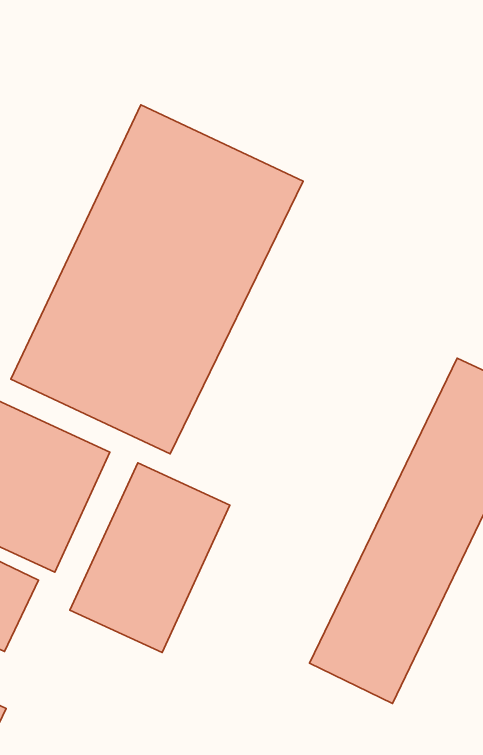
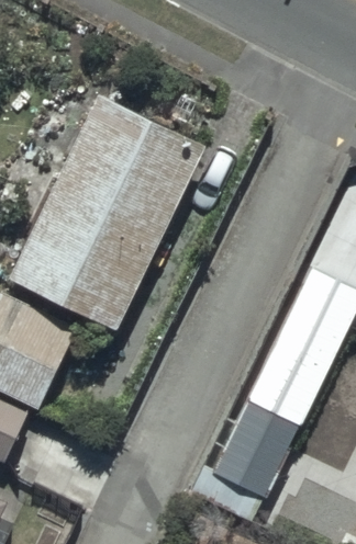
building: [70,463,230,653] -> none

